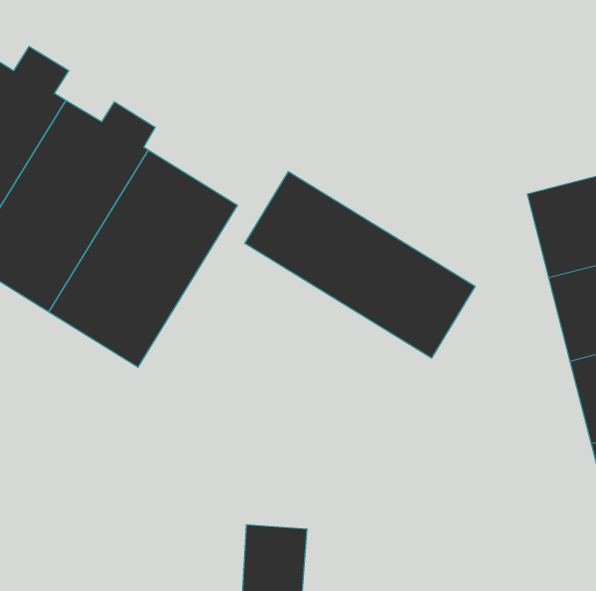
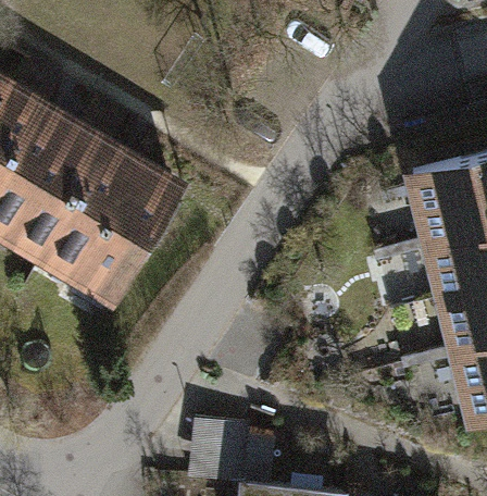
building: [245,172,475,358] -> none

